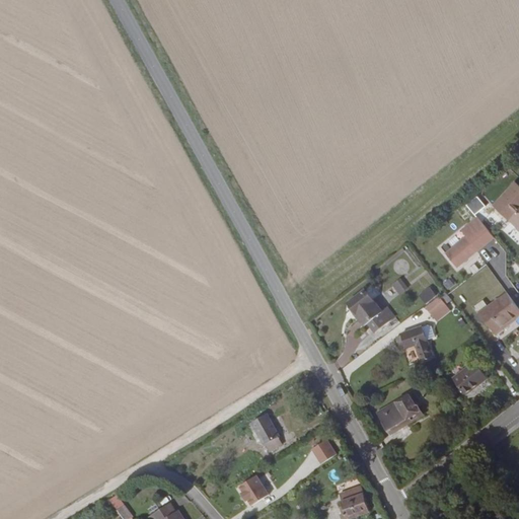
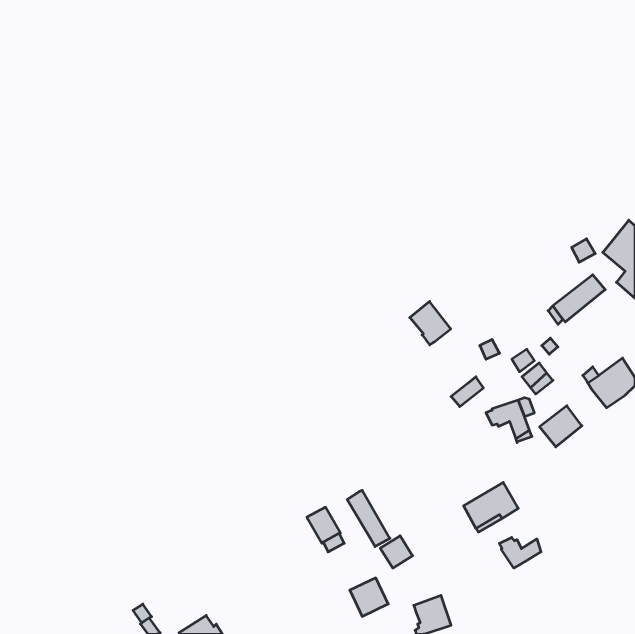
building: [349,290,382,325] -> [410,301,451,345]
building: [453,361,488,394] -> [540,406,582,447]
building: none -> [347,490,390,547]
building: none -> [499,537,541,568]
building: [236,473,268,505] -> [350,578,388,616]

